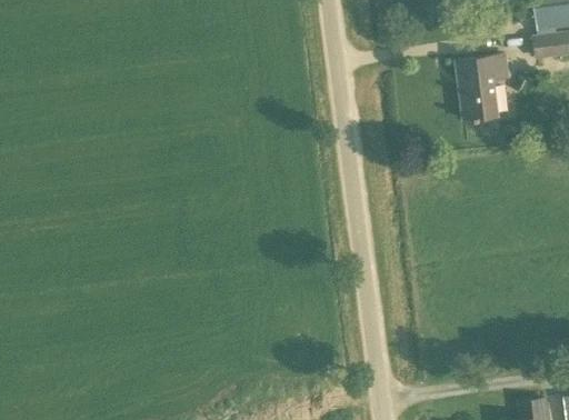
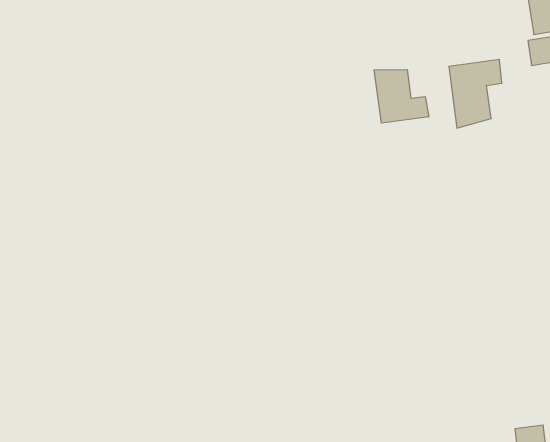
building: none -> [374,70,429,123]

